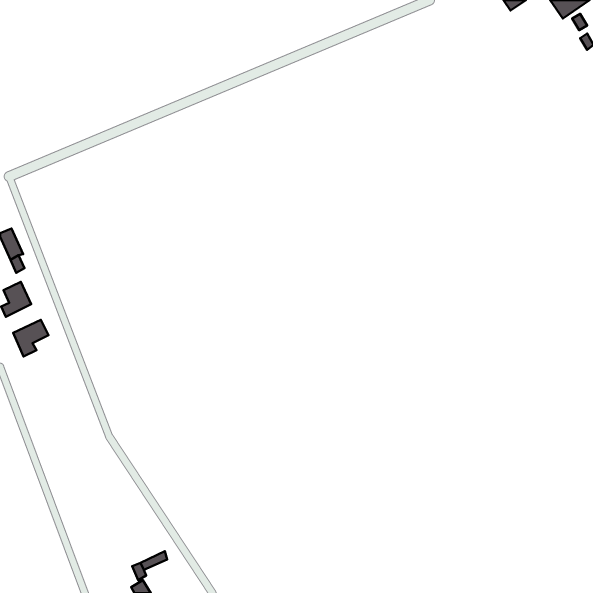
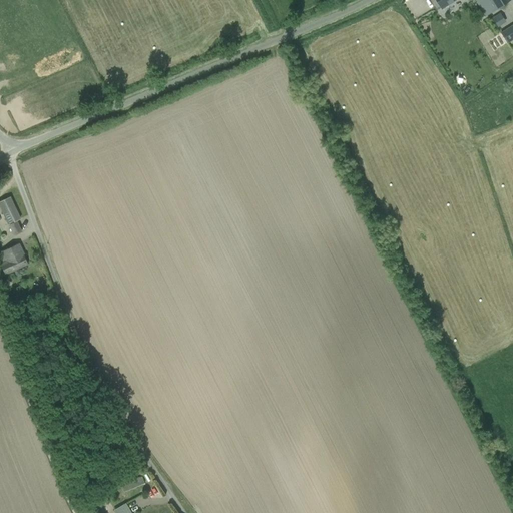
building: [13,320,48,356] -> none

